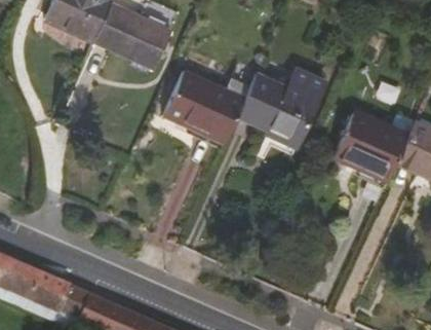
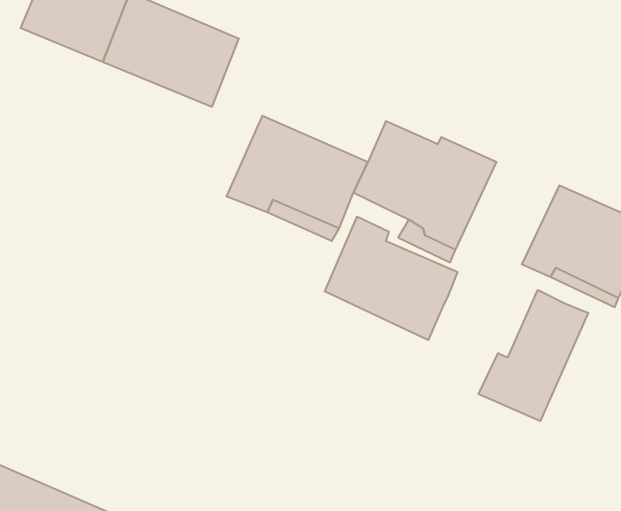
building: none -> [325,217,458,340]
building: none -> [479,290,588,421]

